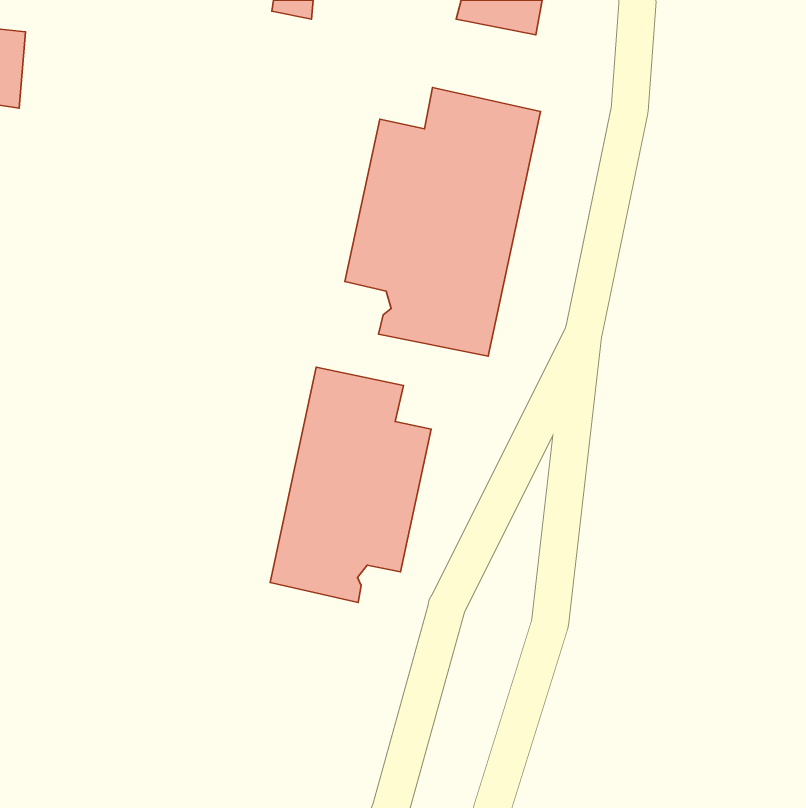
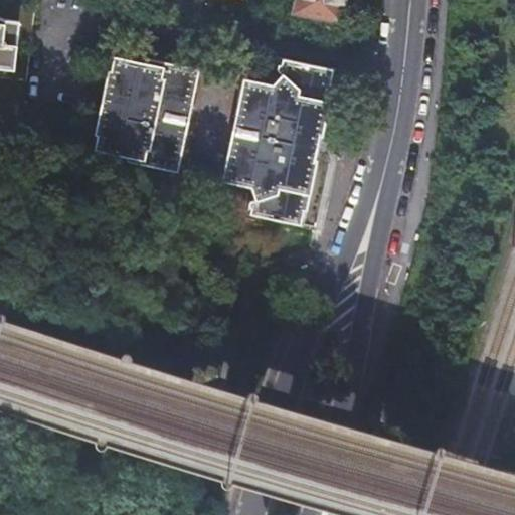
building: none -> [94,55,197,172]
building: [270,367,431,603] -> none

